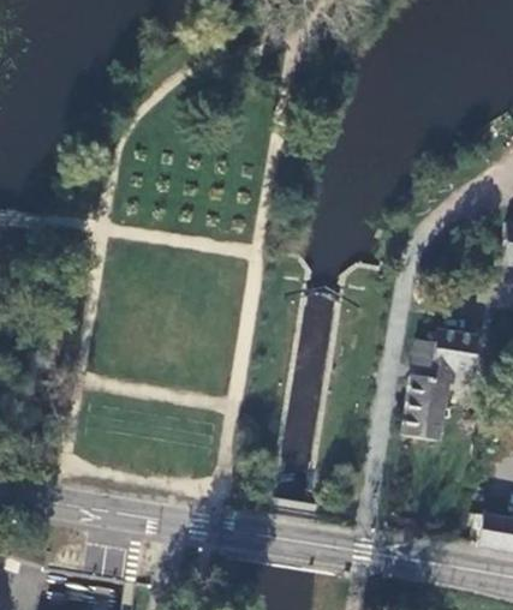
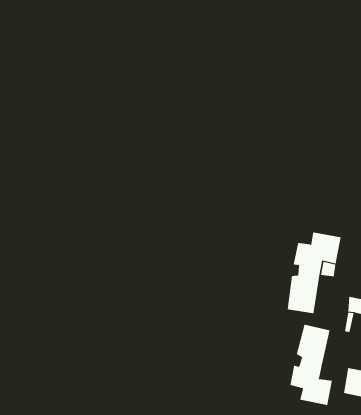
building: none -> [290,324,333,406]

